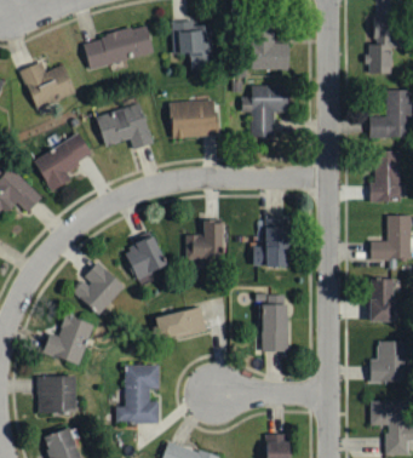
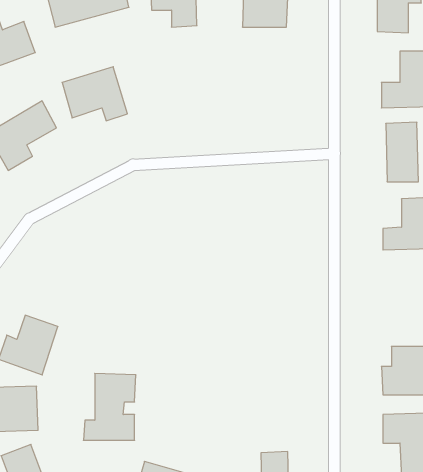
building: [242,85,289,134] -> none
building: [168,97,219,139] -> none
building: [254,218,289,267] -> none
building: [185,221,225,262] -> none
building: [125,237,166,279] -> none
building: [74,262,125,315] -> none
building: [372,279,395,322] -> none
building: [263,305,289,351] -> none
building: [156,309,206,338] -> none

